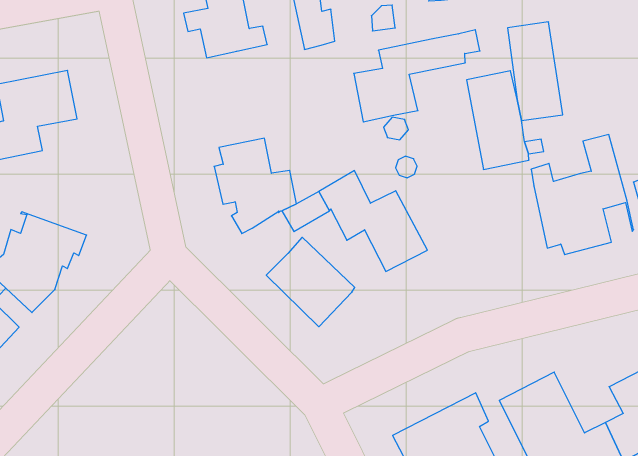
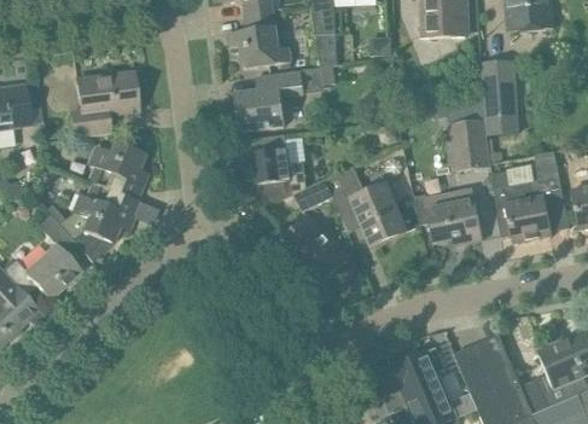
building: [354,30,480,122] -> [235,65,336,132]
building: none -> [88,141,142,202]
building: none -> [413,193,482,245]

